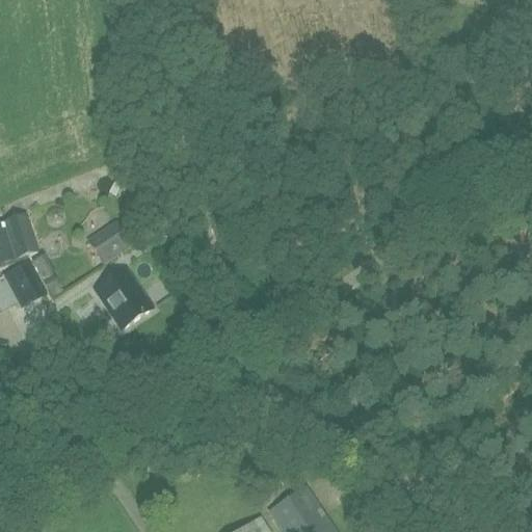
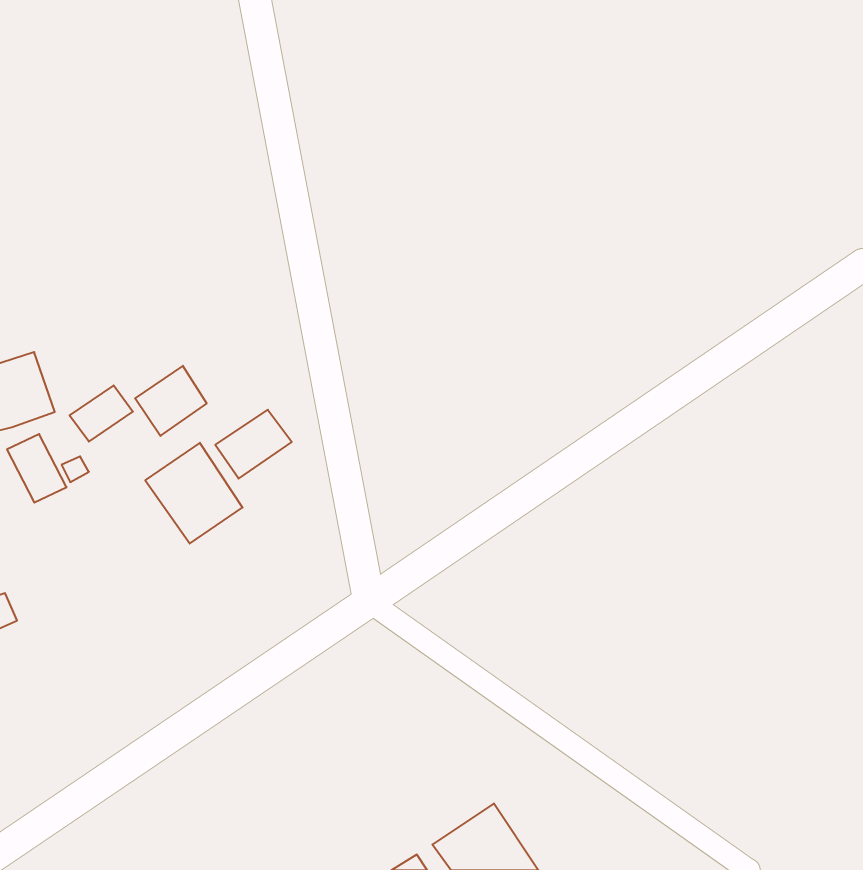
building: none -> [70,385,133,442]
building: none -> [215,410,292,479]

